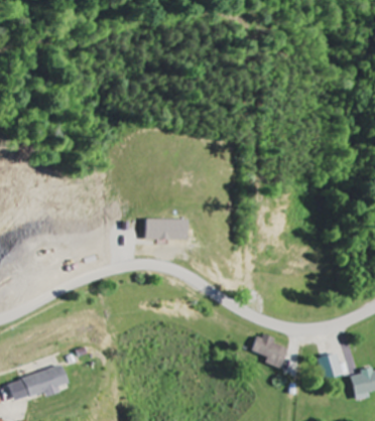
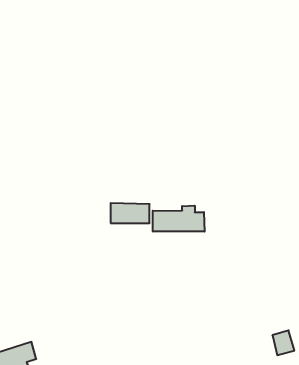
building: none -> [153,206,205,232]
building: [251,332,285,367] -> none

